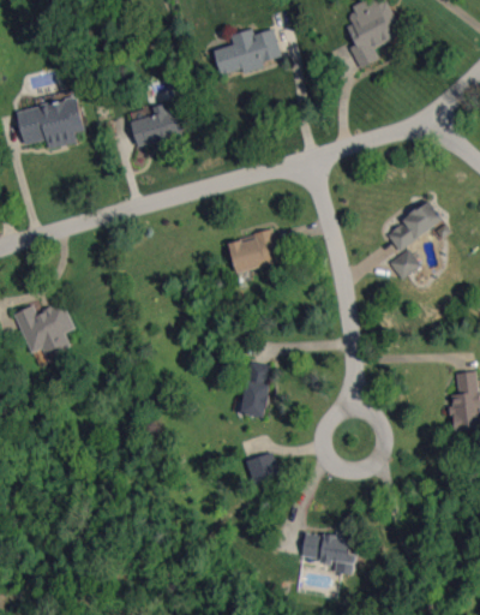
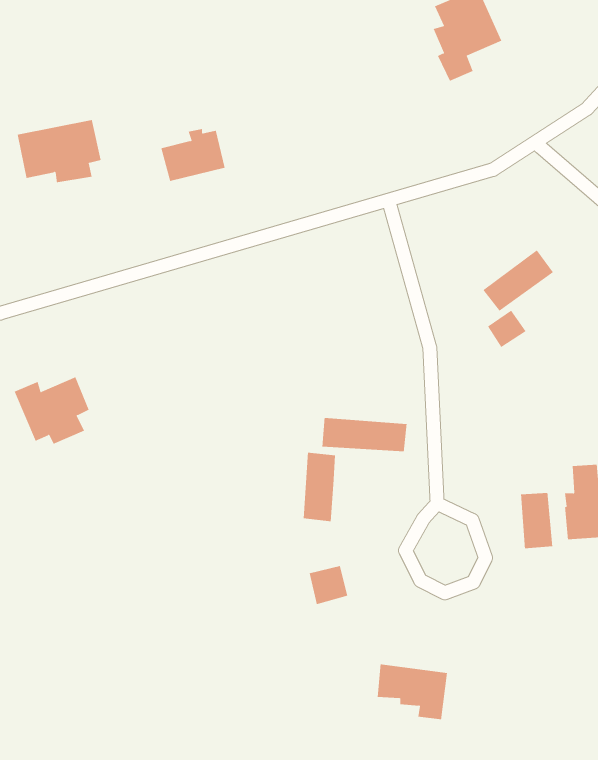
building: [212,29,280,77] -> none
building: [227,231,276,271] -> none
building: none -> [322,417,407,452]
building: none -> [521,492,553,549]

